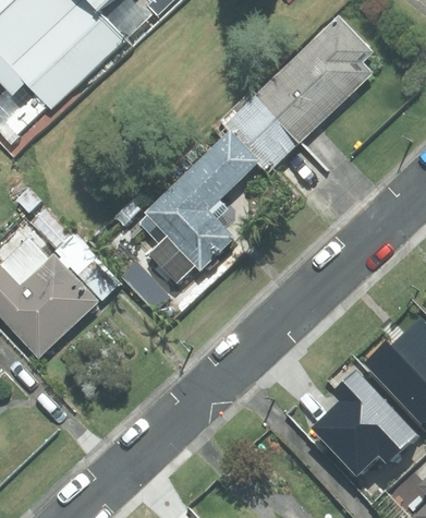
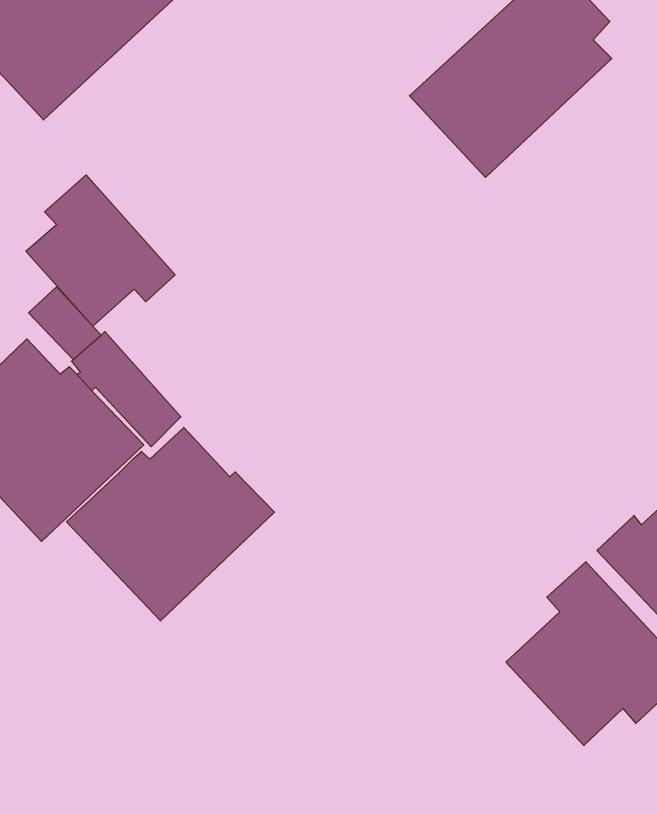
building: [138,95,299,282] -> none
building: none -> [26,175,175,326]
building: none -> [67,427,275,621]

